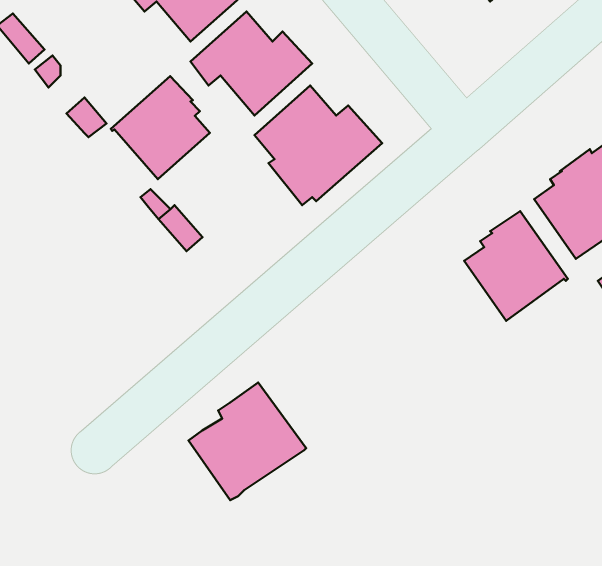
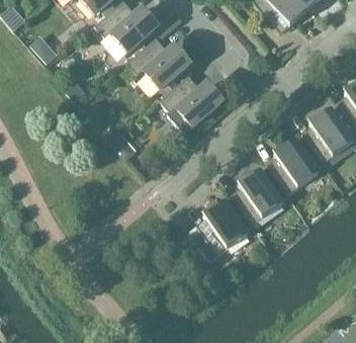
building: [111,76,210,179] -> none
building: none -> [232,167,284,223]
building: [188,382,306,500] -> [189,198,249,258]

